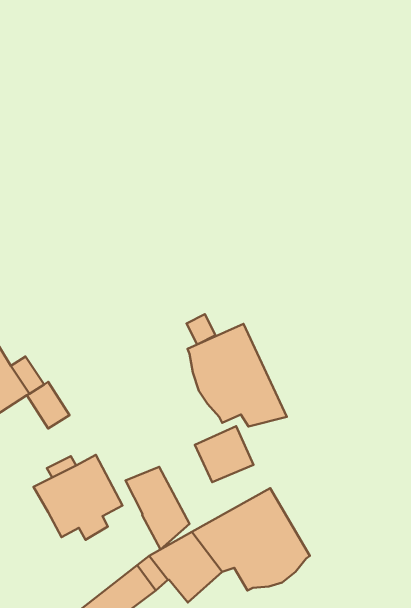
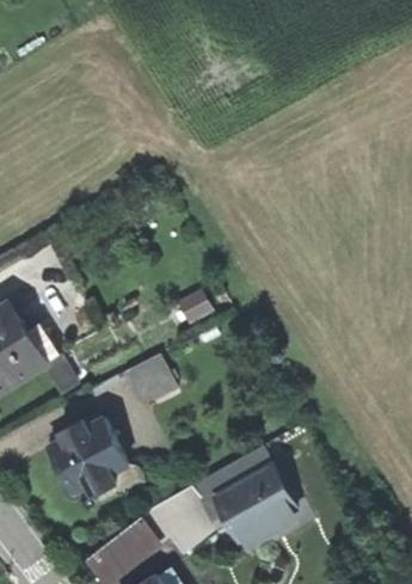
building: [188,324,287,426] -> none
building: [195,426,253,482] -> [124,354,177,404]
building: [126,467,190,550] -> none

